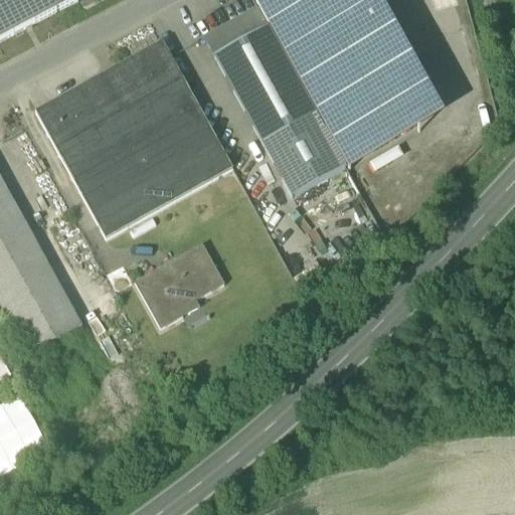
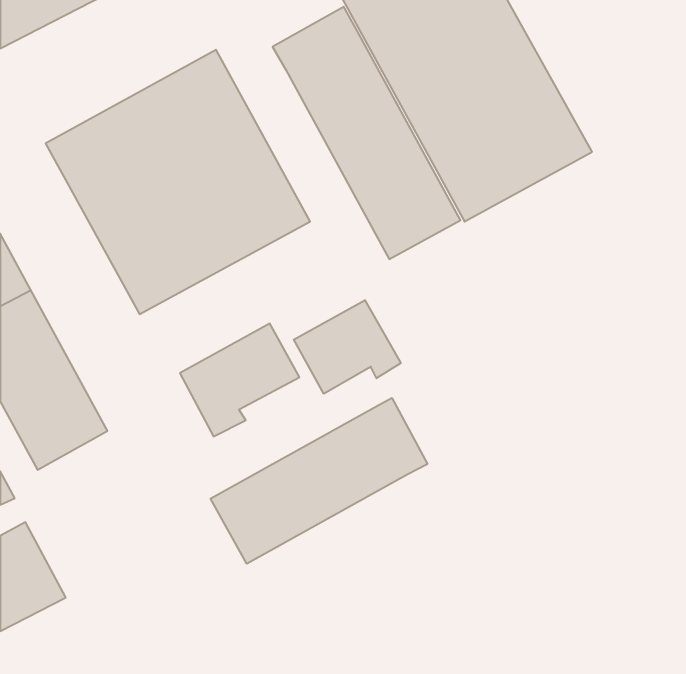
building: none -> [294,300,401,394]
building: none -> [211,398,427,564]

